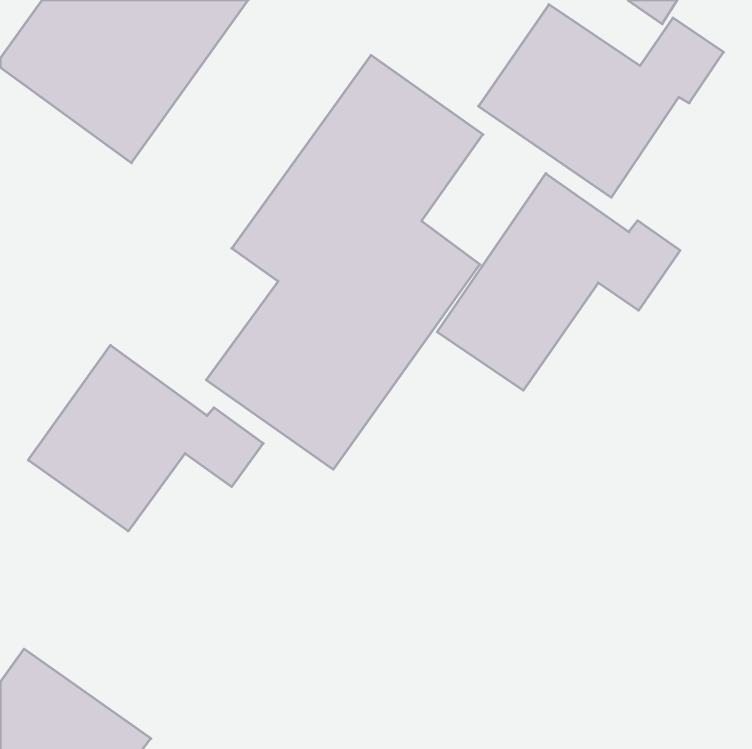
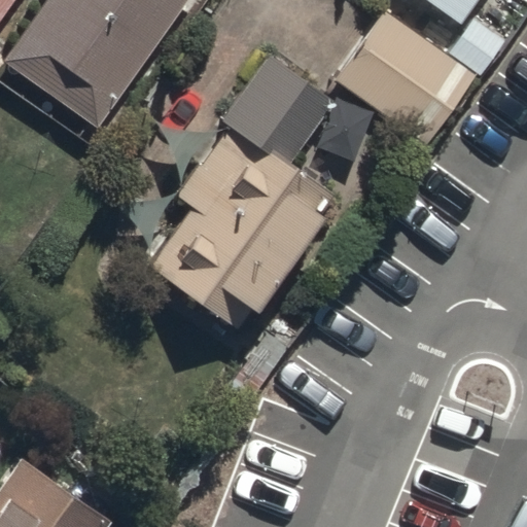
building: [437,173,680,390] -> none
building: [28,345,263,531] -> none

